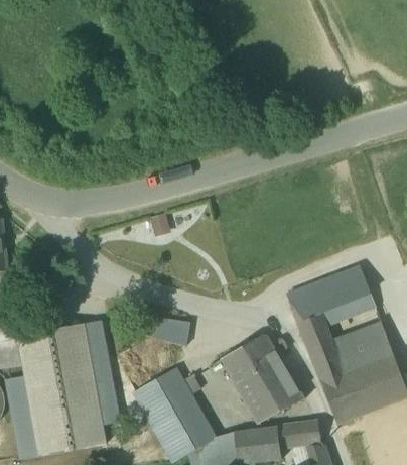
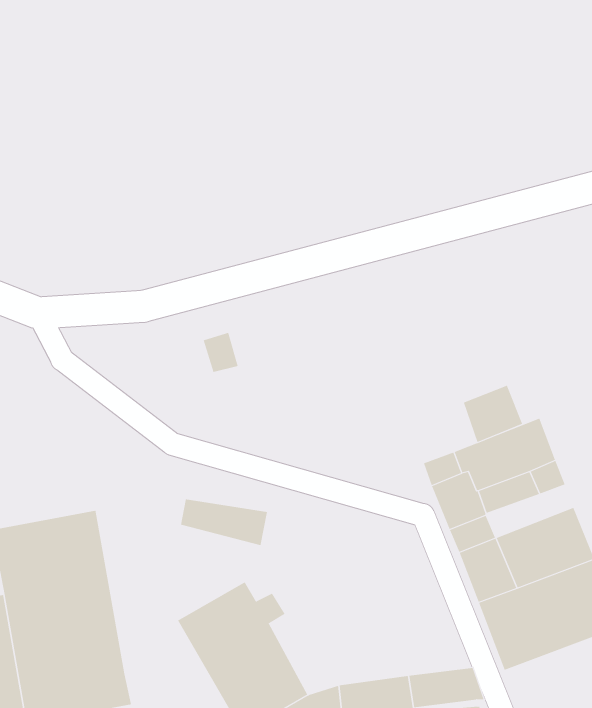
building: none -> [463,385,523,443]
building: [83,320,121,425] -> none
building: [221,334,304,423] -> none

